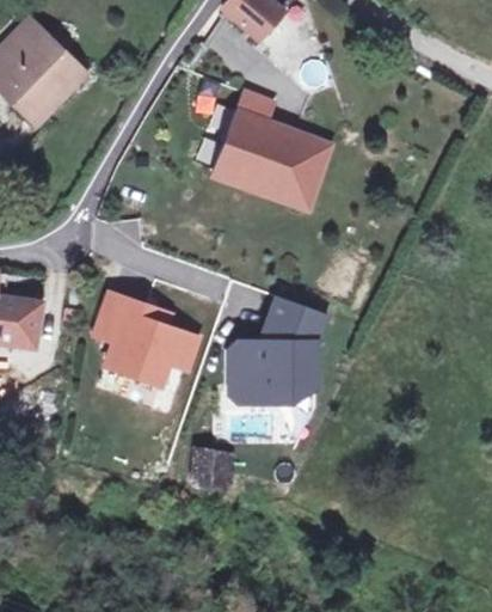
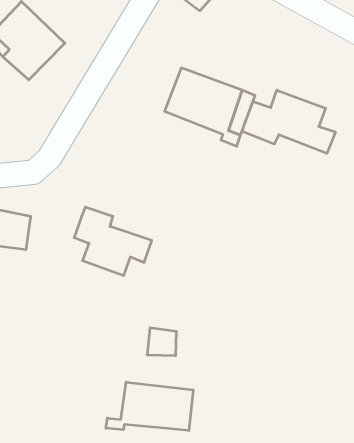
building: none -> [242,90,335,153]
building: [229,296,326,399] -> none
building: none -> [106,382,193,431]

